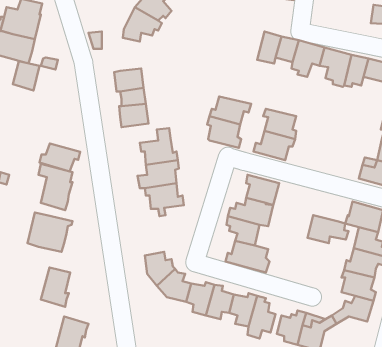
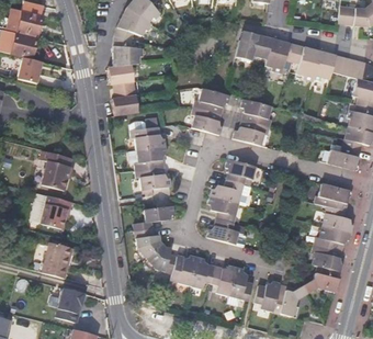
building: none -> [113,36,142,66]
building: [40,144,80,171] -> none
building: [308,215,348,243] -> none
building: none -> [134,206,173,231]

